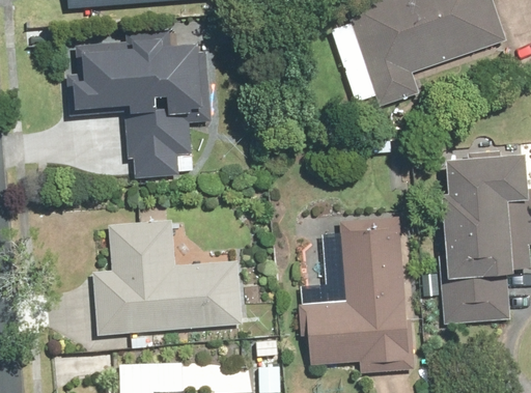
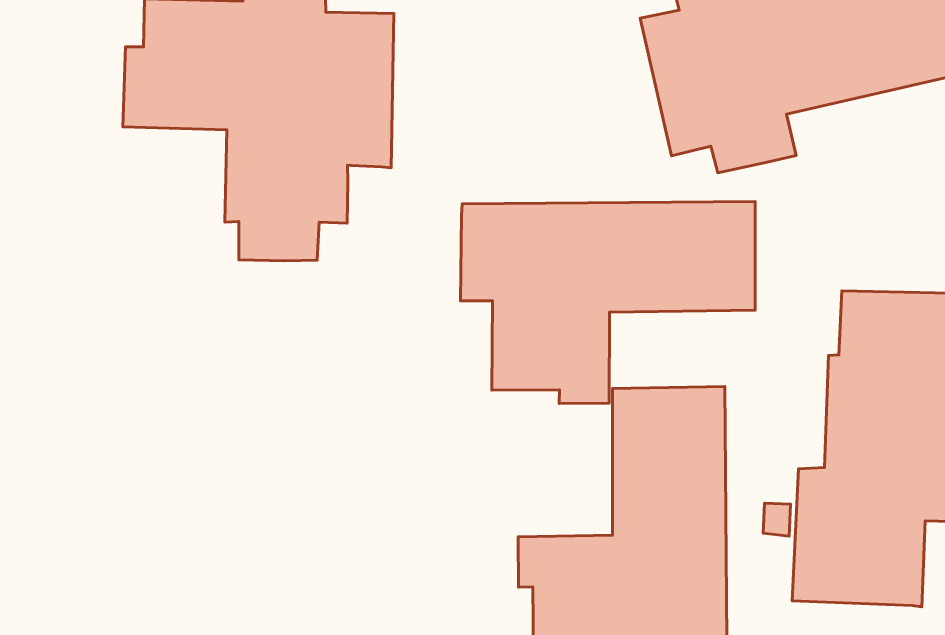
building: none -> [460,202,755,403]
building: [92,220,244,346] -> none

